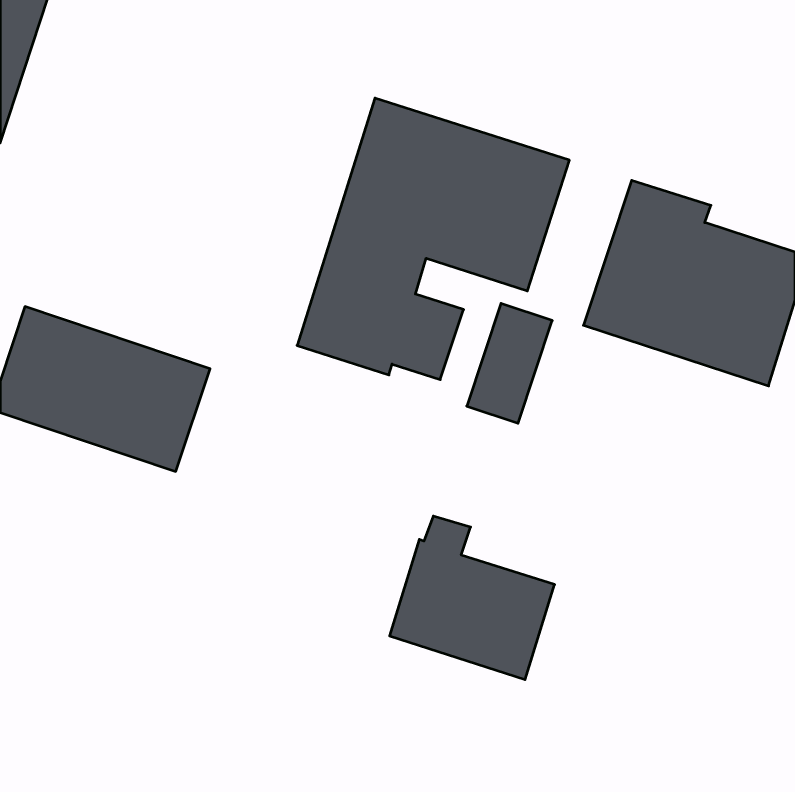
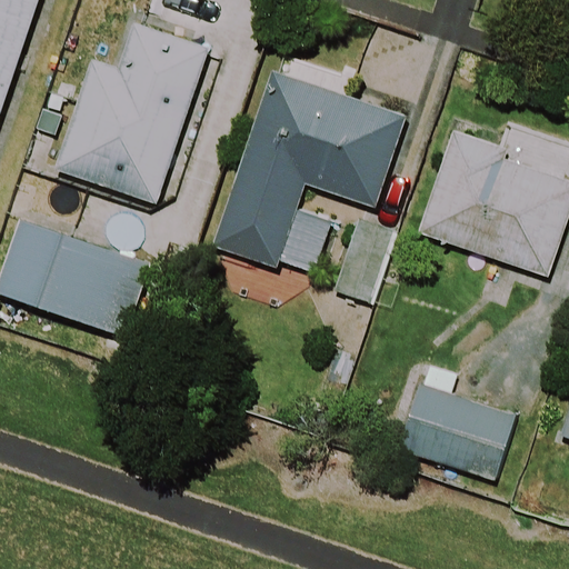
building: none -> [52,21,209,202]
building: [390,516,555,680] -> [399,365,517,481]

